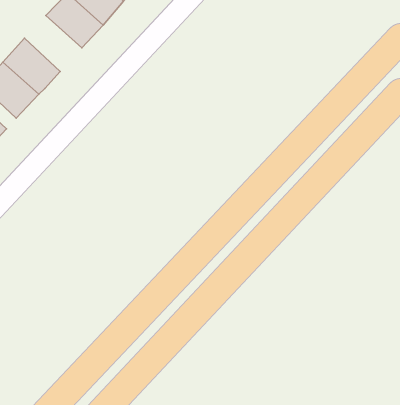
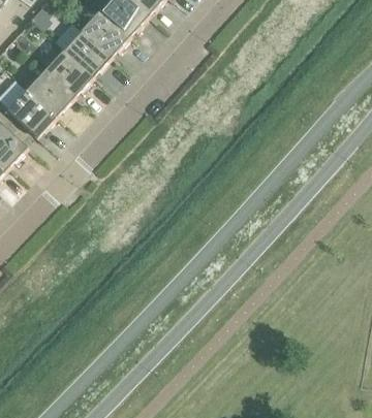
building: none -> [43,50,93,98]

